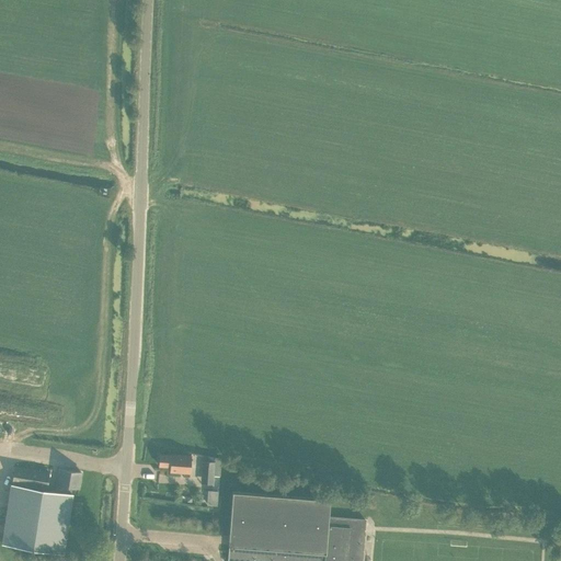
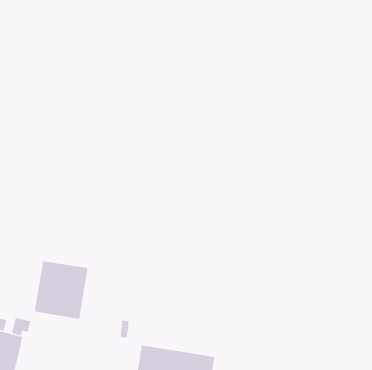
building: none -> [34,260,88,320]
building: [159,457,191,476] -> none

